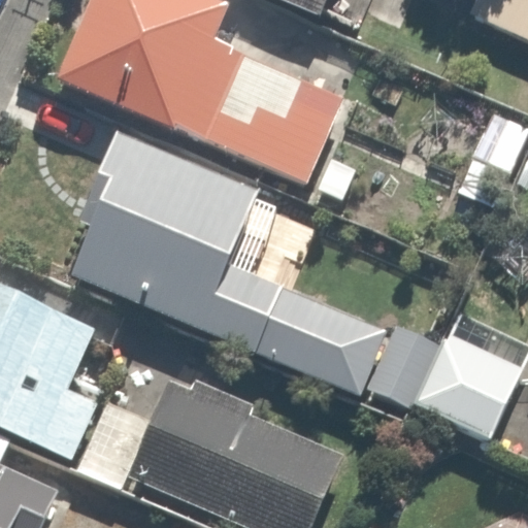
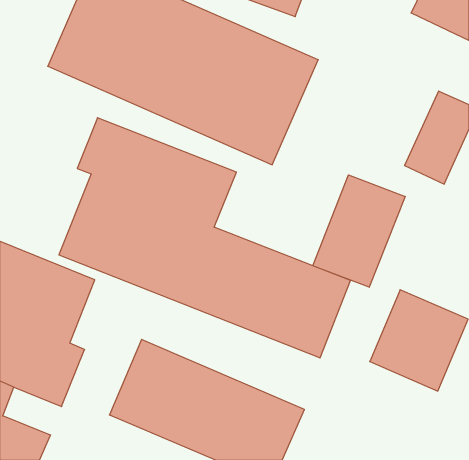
building: none -> [313,175,405,287]

